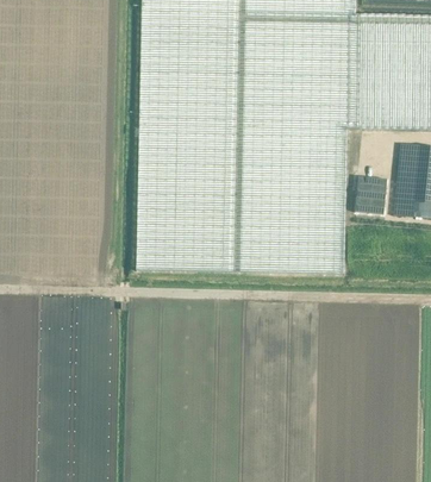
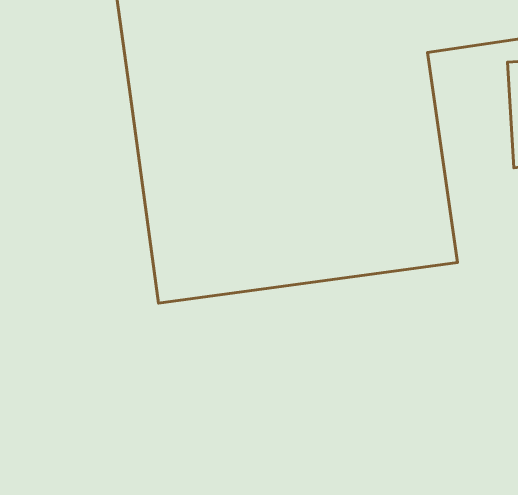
building: [355,175,387,214] -> none

